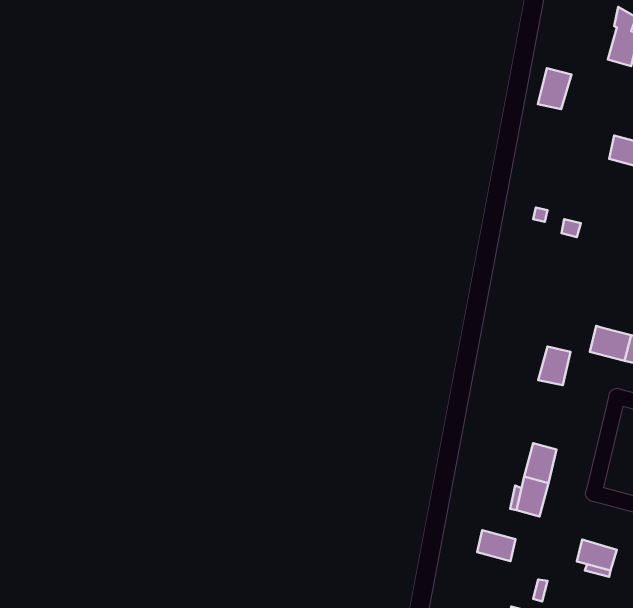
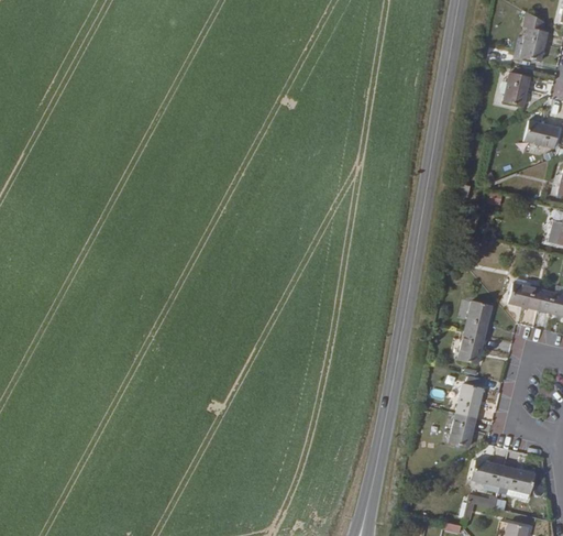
building: [538,68,571,109] -> [506,70,534,106]
building: none -> [457,329,486,364]
building: [477,530,516,561] -> [470,458,503,484]

